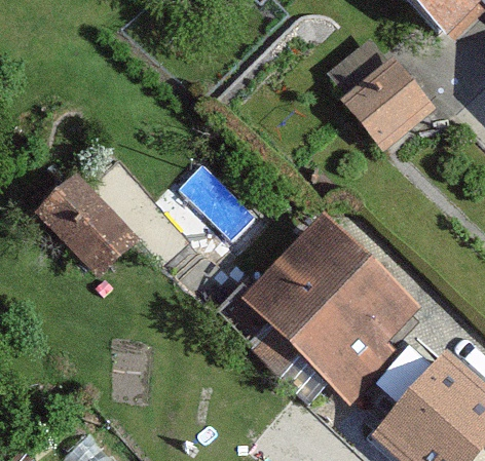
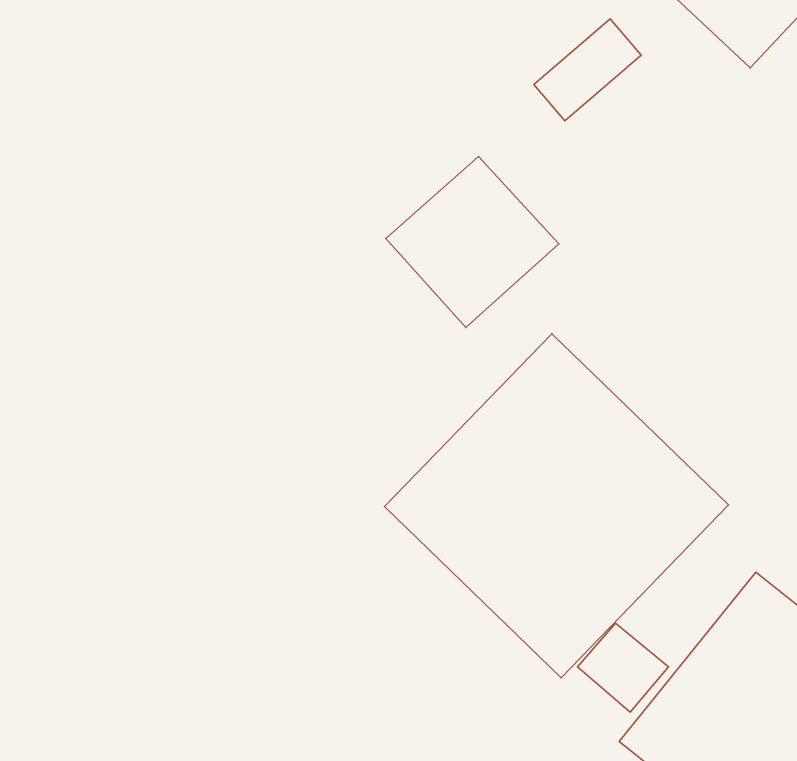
building: [337,49,435,146] -> [386,156,559,328]
building: [27,174,137,278] -> none

